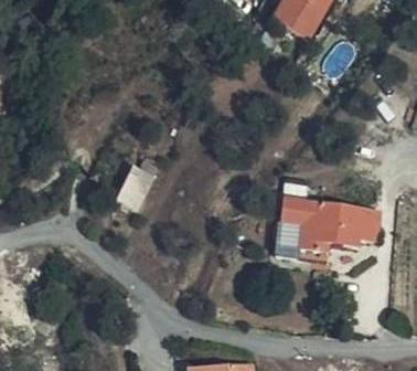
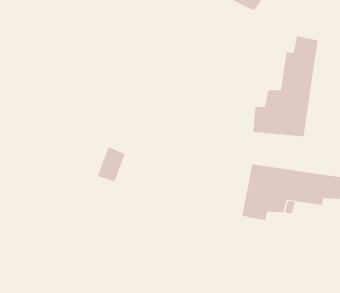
building: none -> [253,35,318,137]

